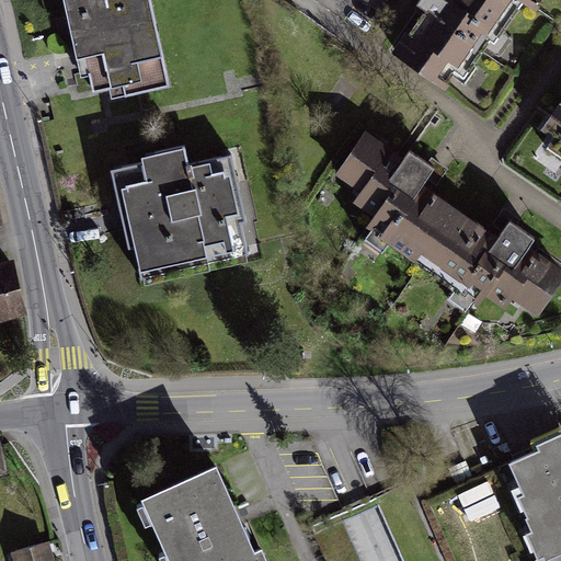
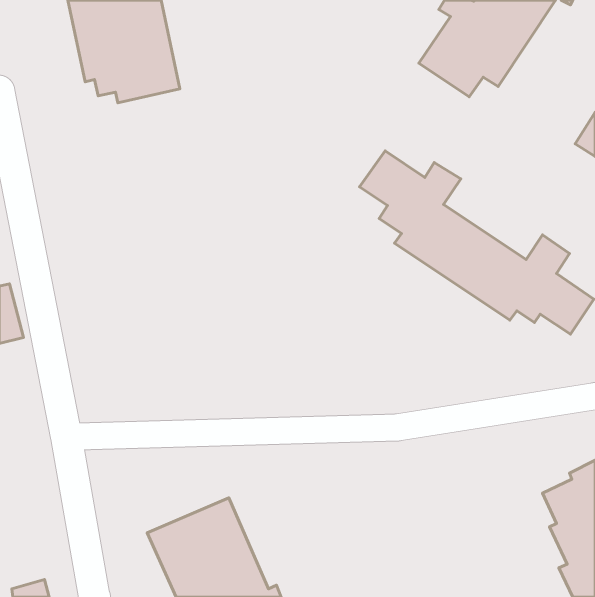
building: [114,148,245,273] -> none

